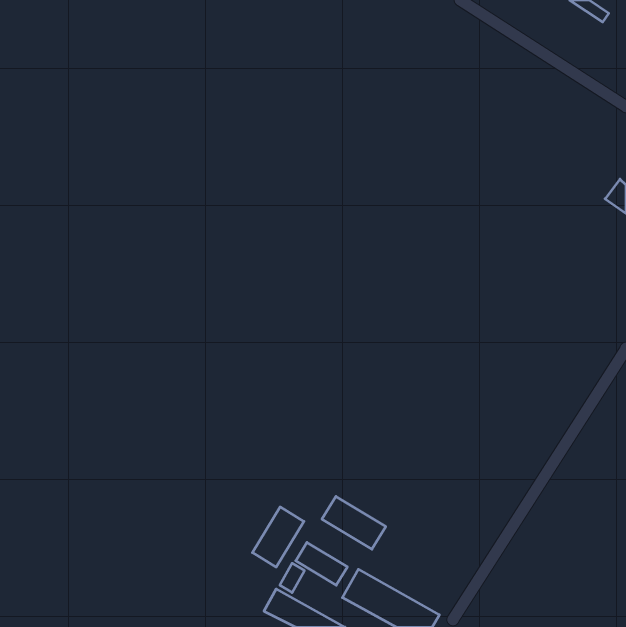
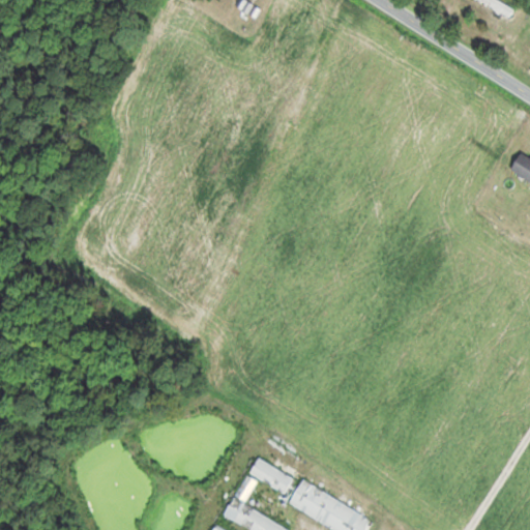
building: [322,496,386,549] -> none
building: [252,507,304,567] -> none

